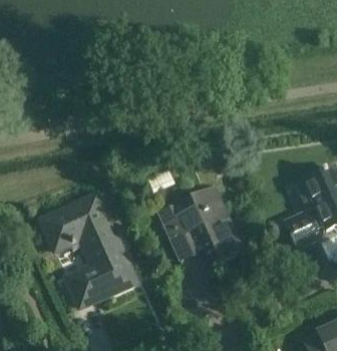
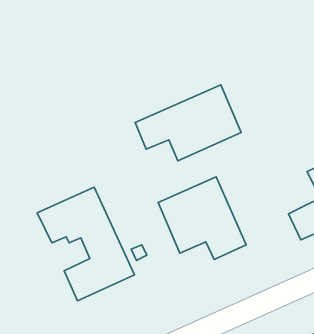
building: none -> [135,85,241,161]

